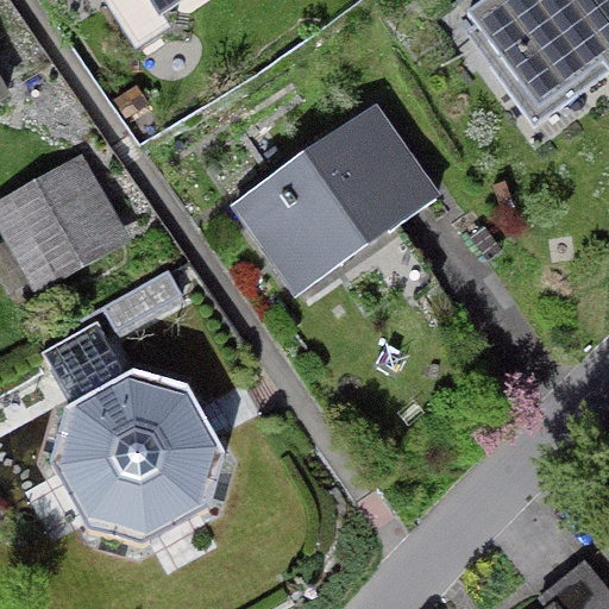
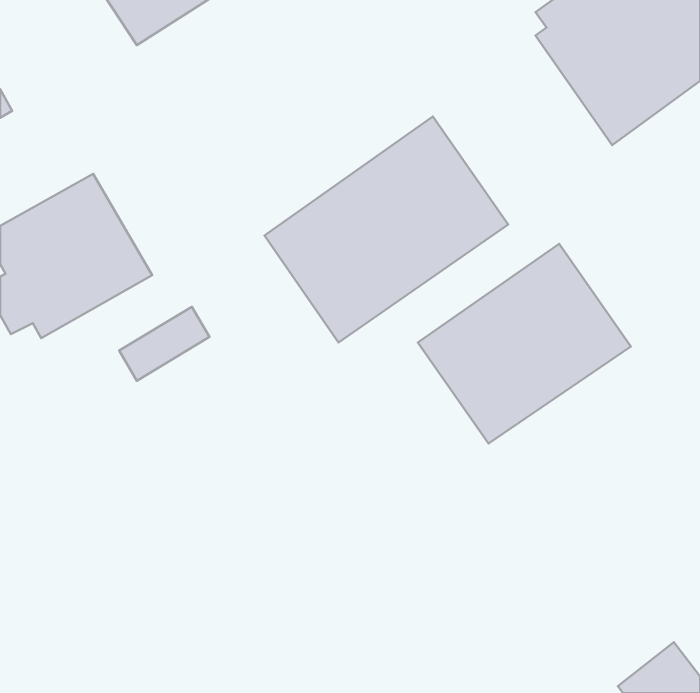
building: none -> [418,244,631,444]
building: [25,318,226,548] -> none

